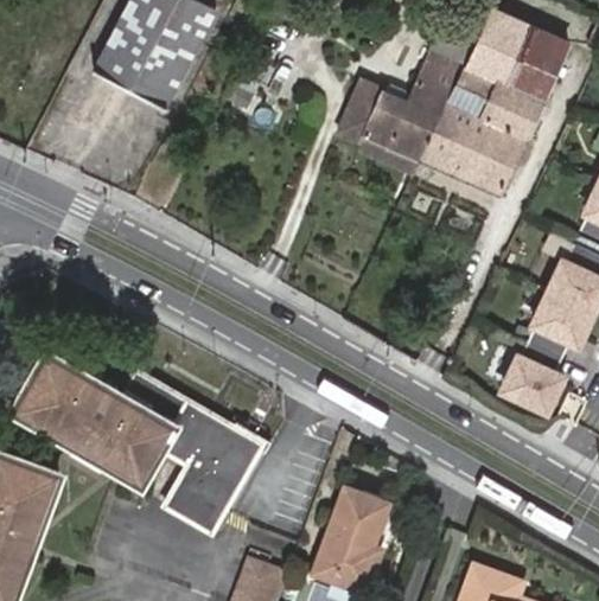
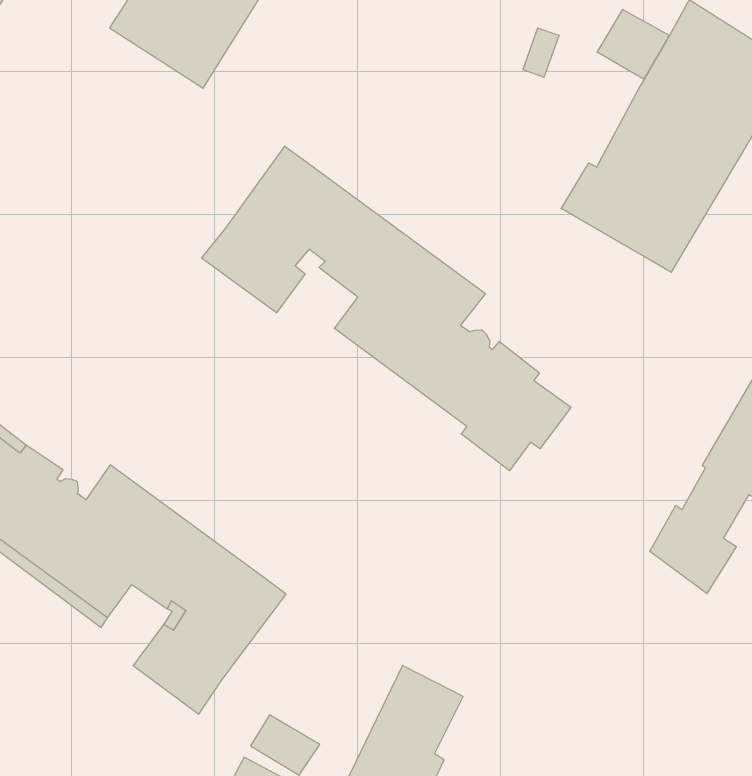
building: [338,56,465,161] -> none
building: none -> [201,146,571,471]

